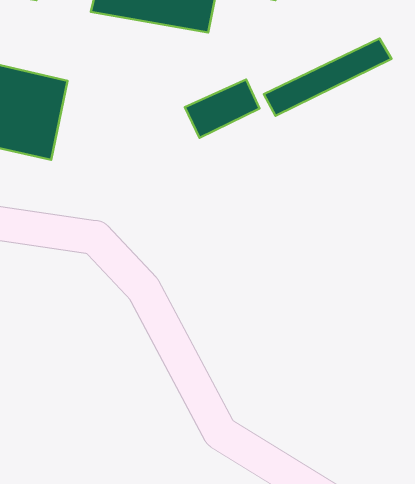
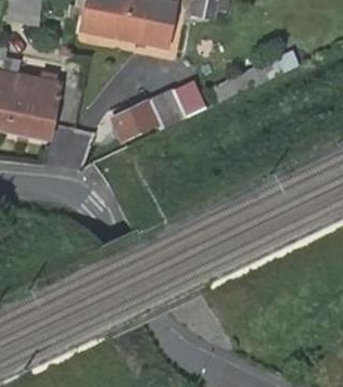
building: none -> [111,102,158,143]

